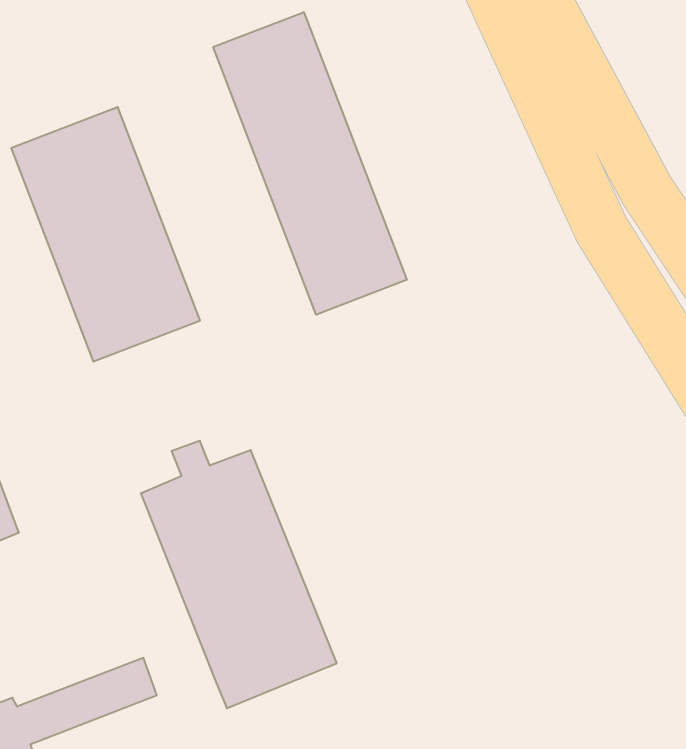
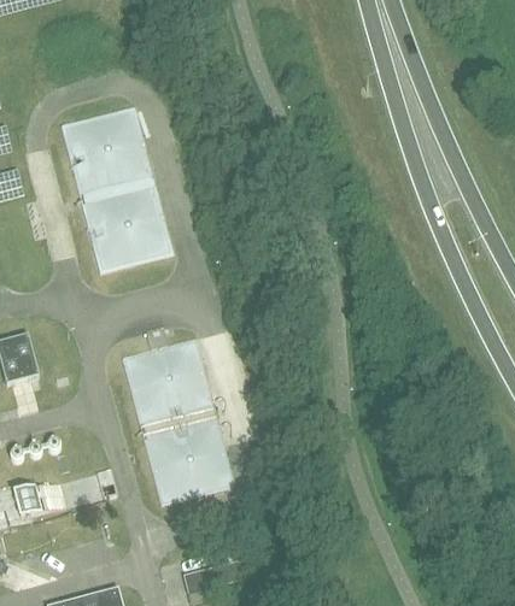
building: [213,12,407,315] -> none

